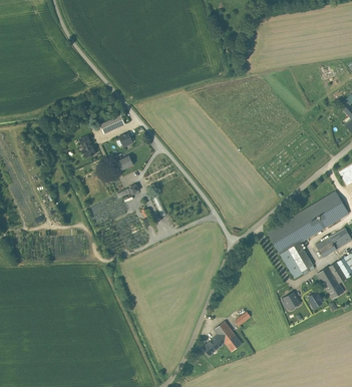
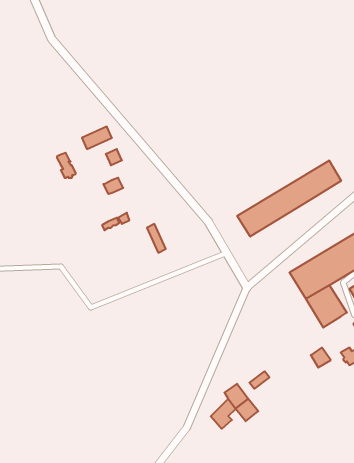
building: none -> [237,160,341,237]

